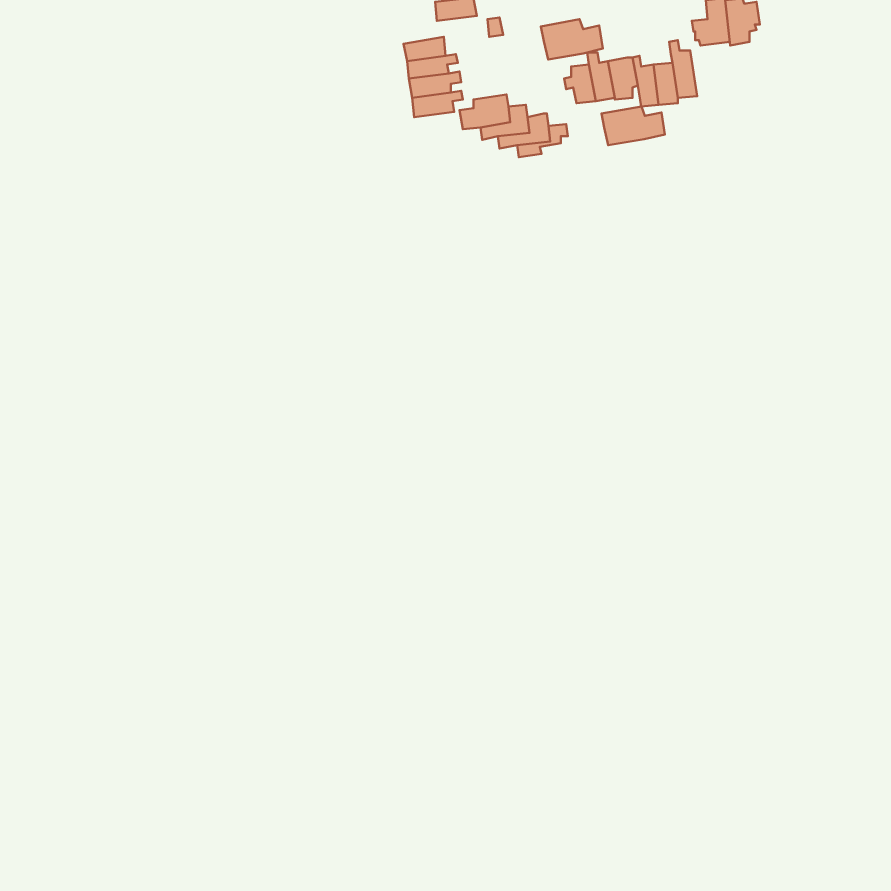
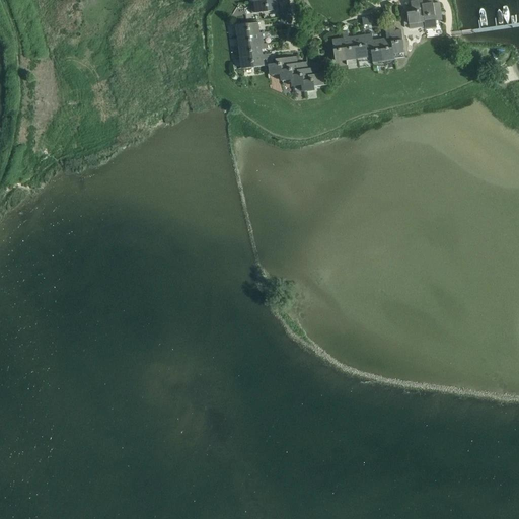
building: [541,19,603,59] -> none
building: [602,107,665,145] -> none

